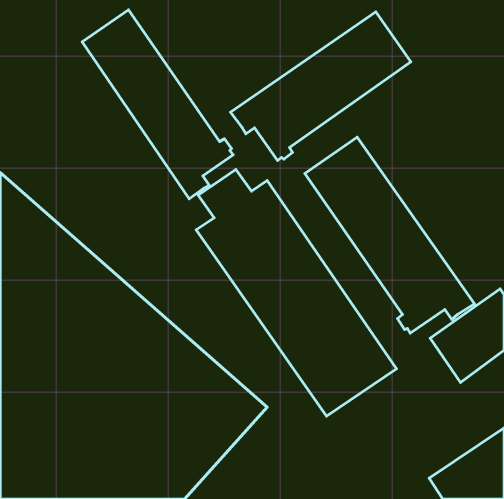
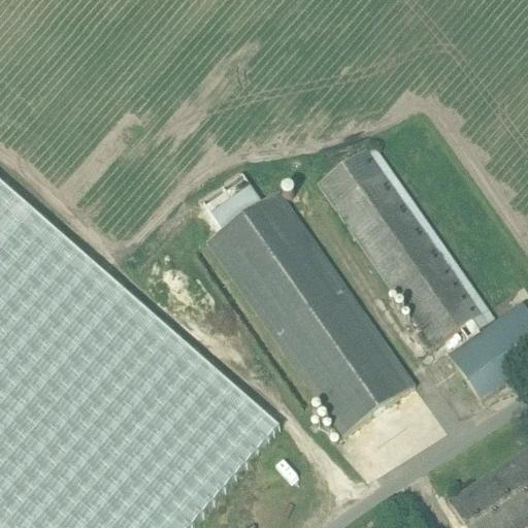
building: [82,10,233,199] -> none
building: [231,12,411,161] -> none

